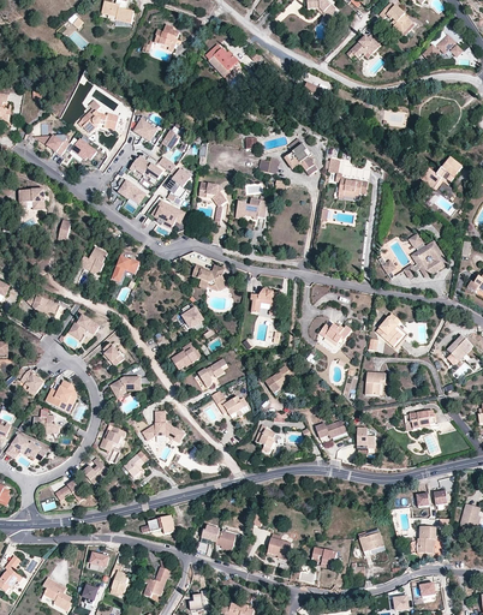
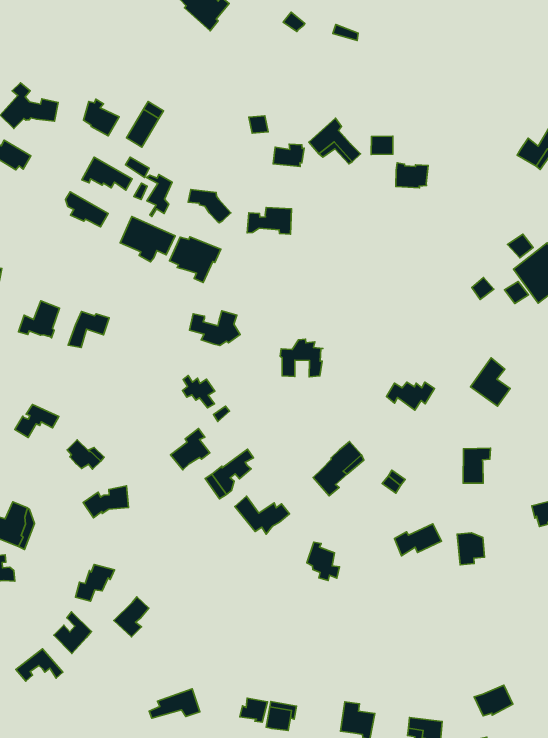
building: none -> [169,237,221,282]
building: [141,412,181,443] -> none

